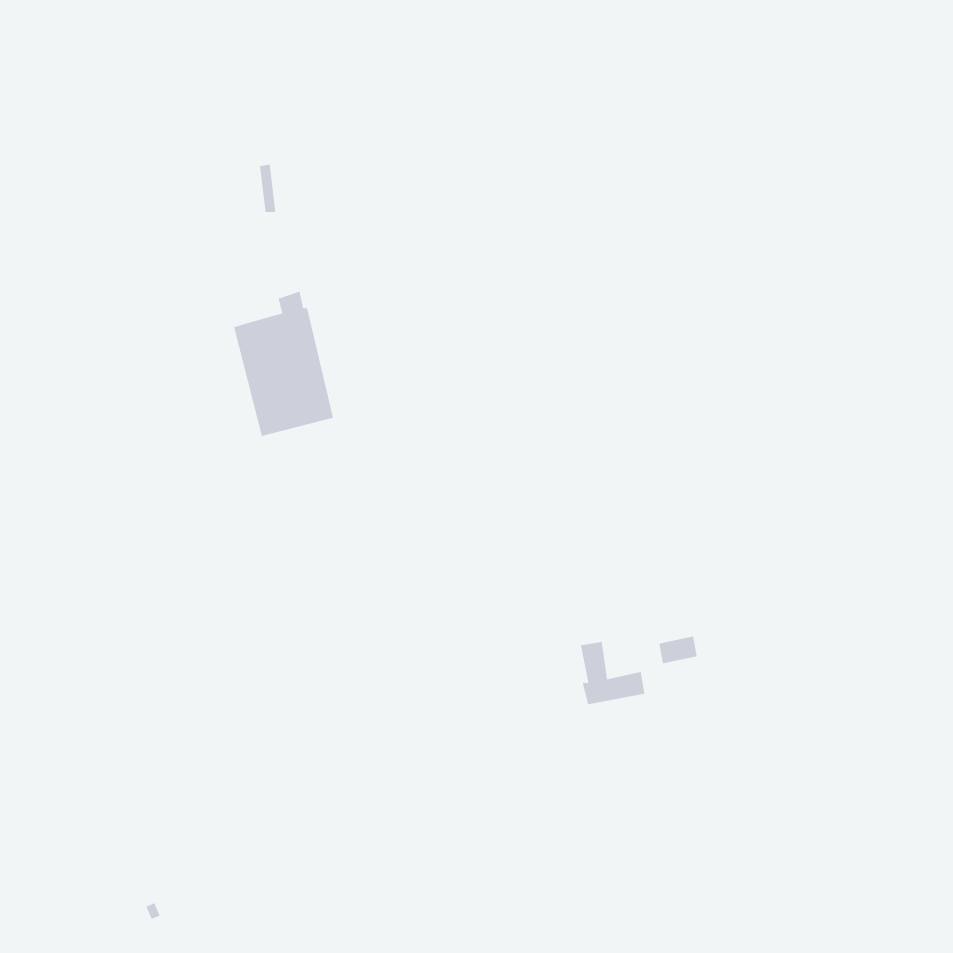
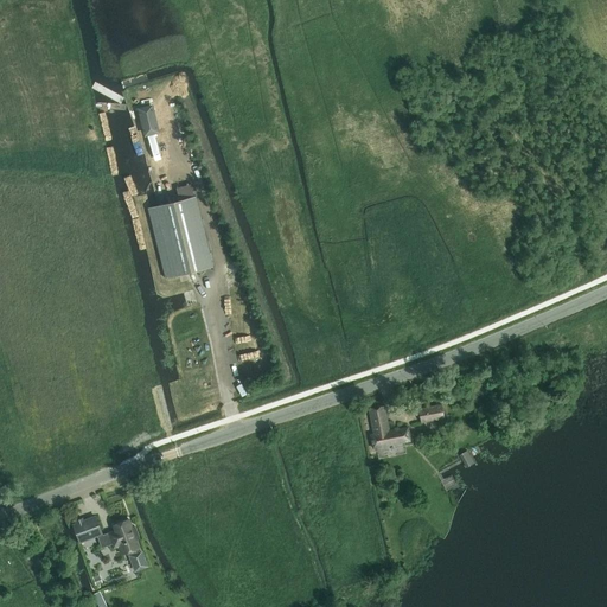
building: none -> [136,104,160,136]
building: none -> [71,515,147,571]

